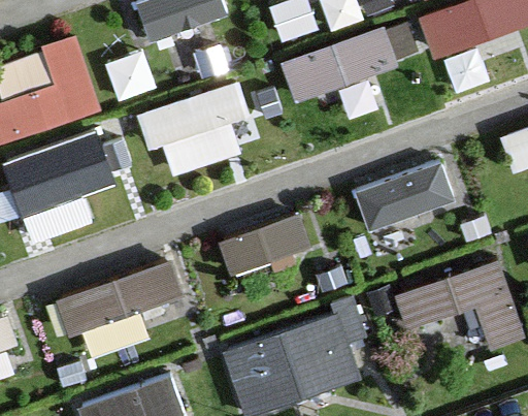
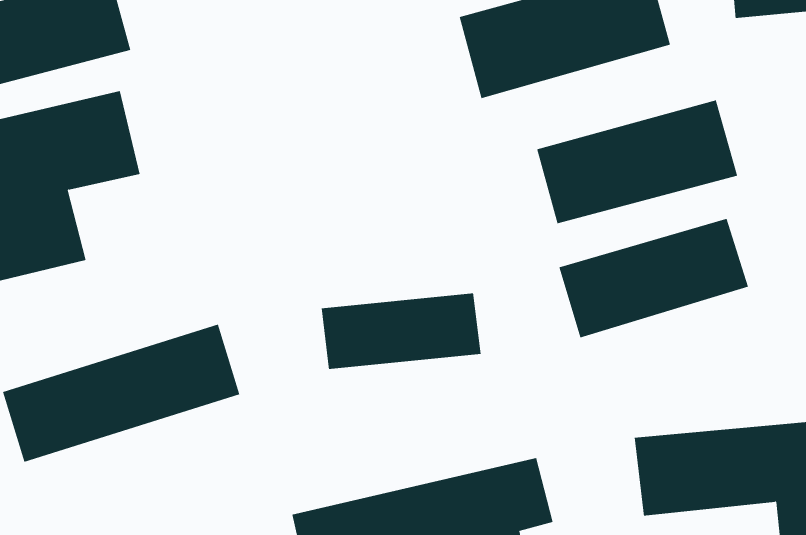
building: [137,77,251,177] -> none
building: none -> [537,99,738,224]

